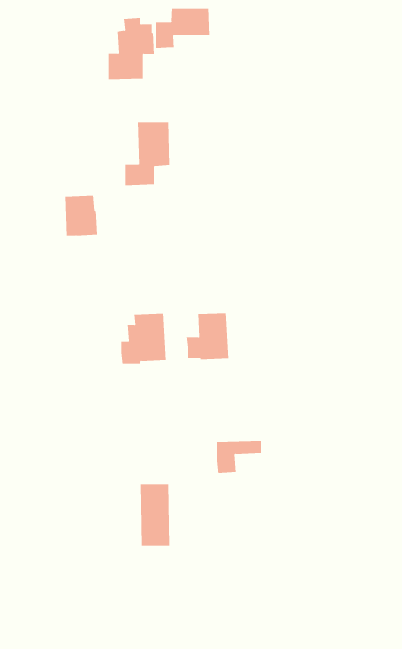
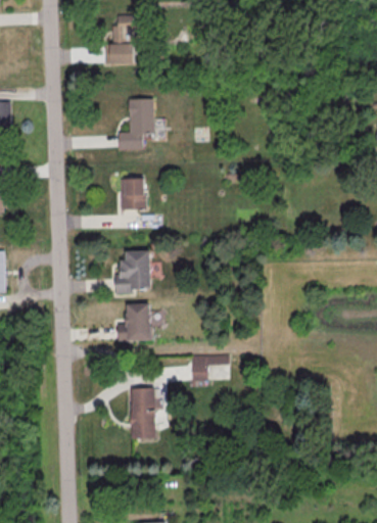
building: [155,8,210,49] -> none
building: [65,195,98,236] -> [120,178,146,210]
building: [186,313,229,360] -> [116,304,151,342]

